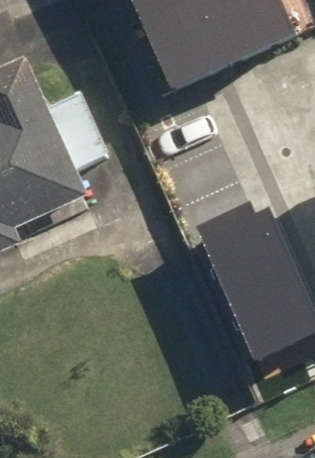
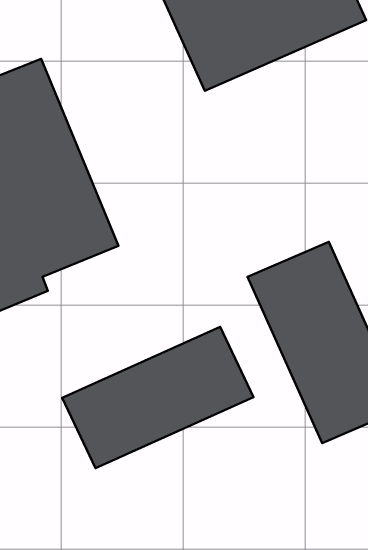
building: none -> [62,327,254,468]

